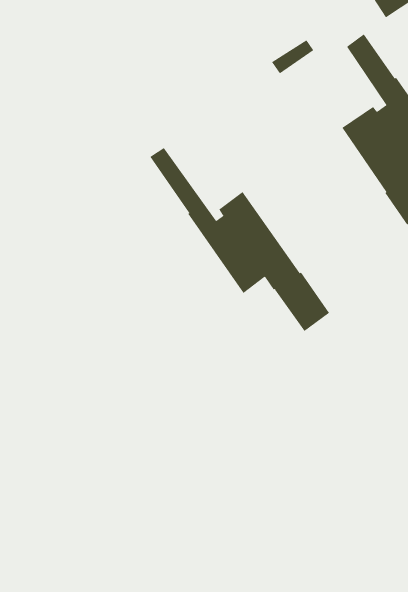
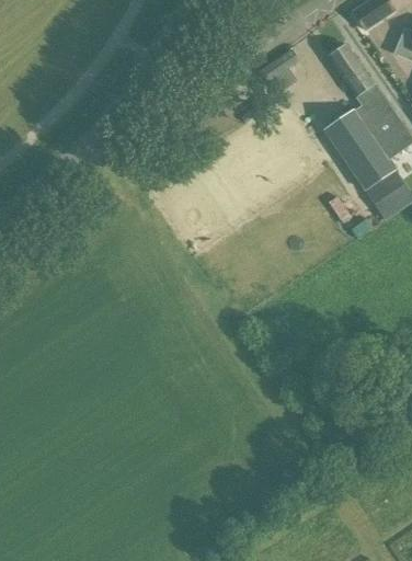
building: [149,147,330,332] -> none

